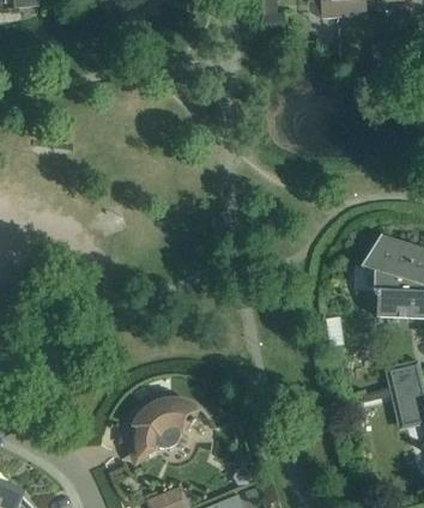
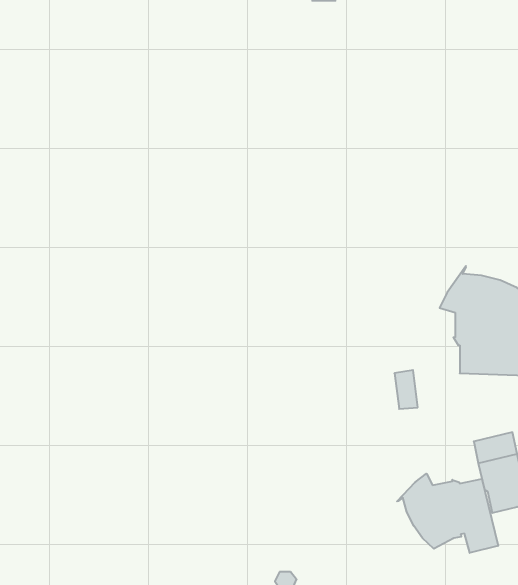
building: none -> [397,474,498,553]
building: [121,399,208,460] -> none

